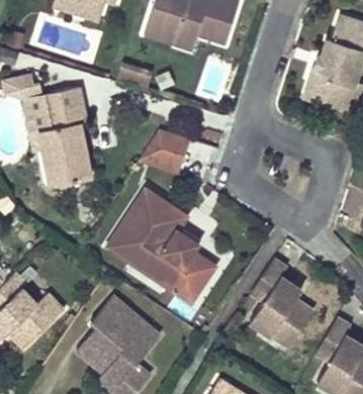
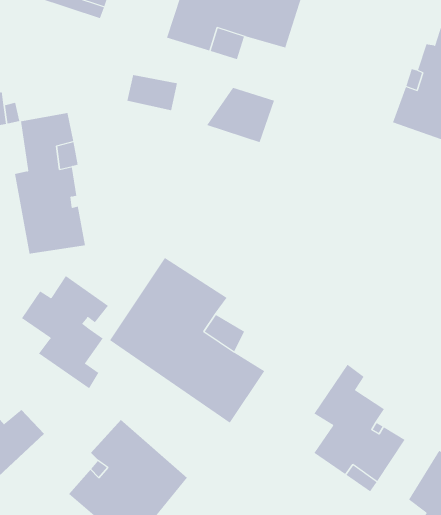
building: [141,131,188,170] -> [206,87,275,143]
building: none -> [21,275,109,389]

